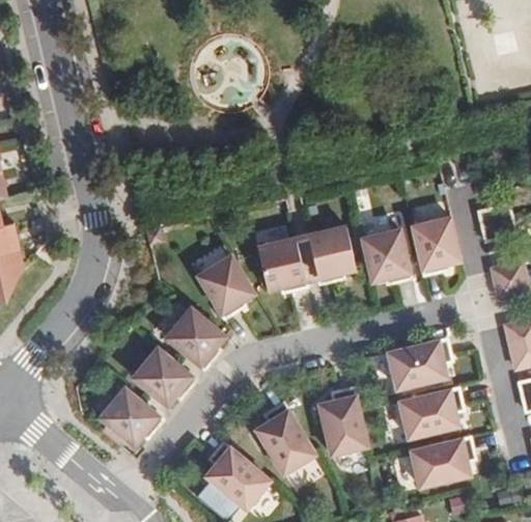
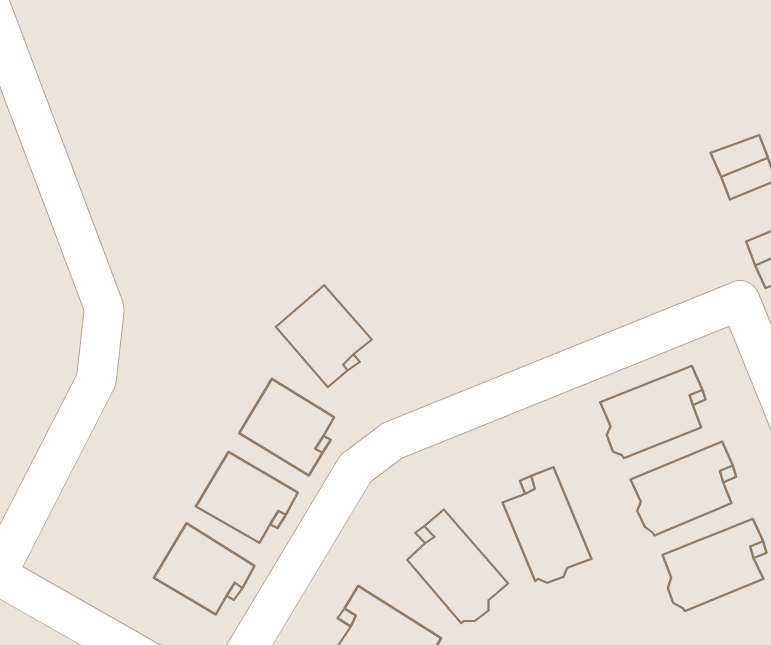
building: [412,217,459,274] -> none
building: [307,225,355,283] -> none
building: [361,229,411,281] -> none
building: [257,238,306,290] -> none

